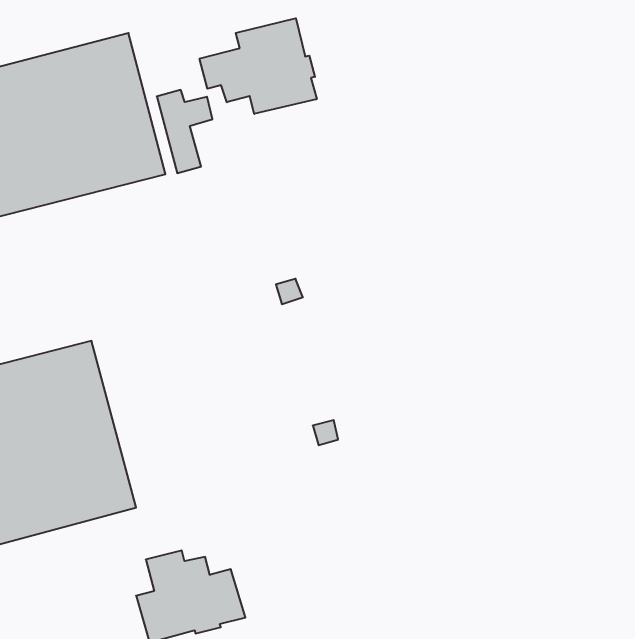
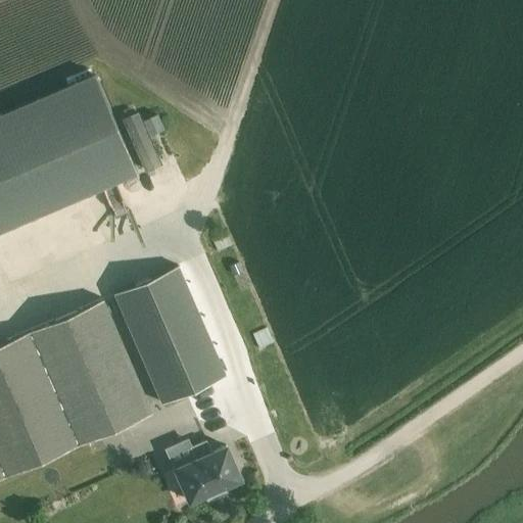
building: [200,18,317,114] -> none
building: none -> [113,269,225,405]

